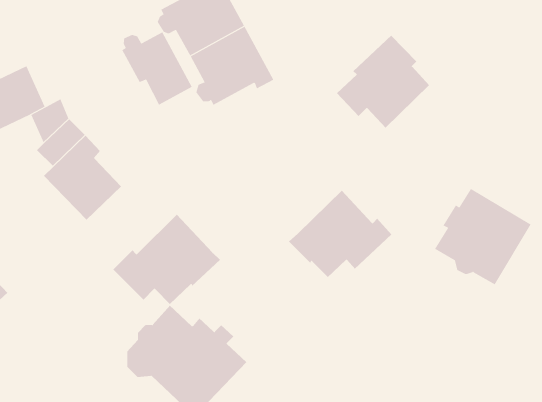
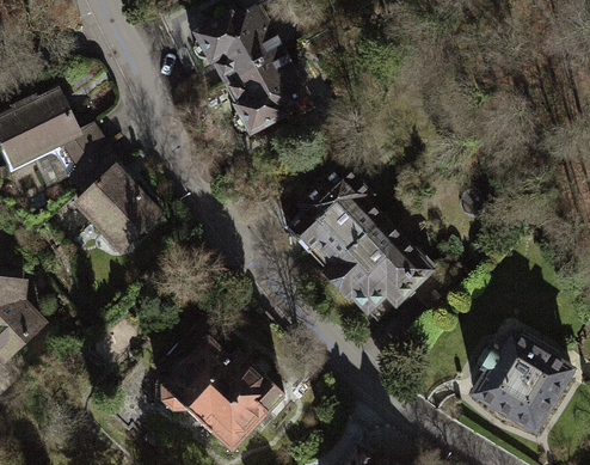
building: [121,31,192,105] -> none
building: [336,35,430,128] -> [287,169,382,264]
building: [434,188,532,285] -> [474,332,573,432]
building: [112,214,221,305] -> none

